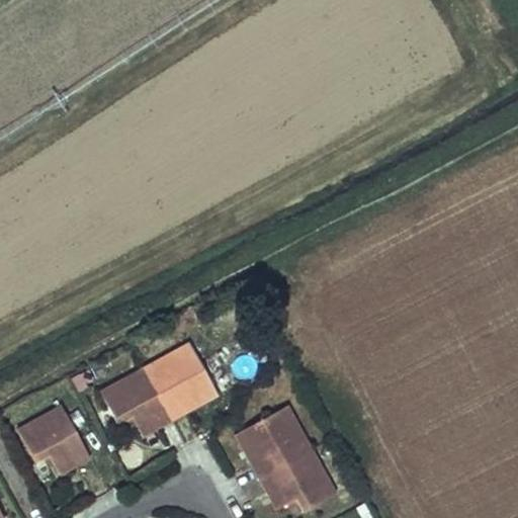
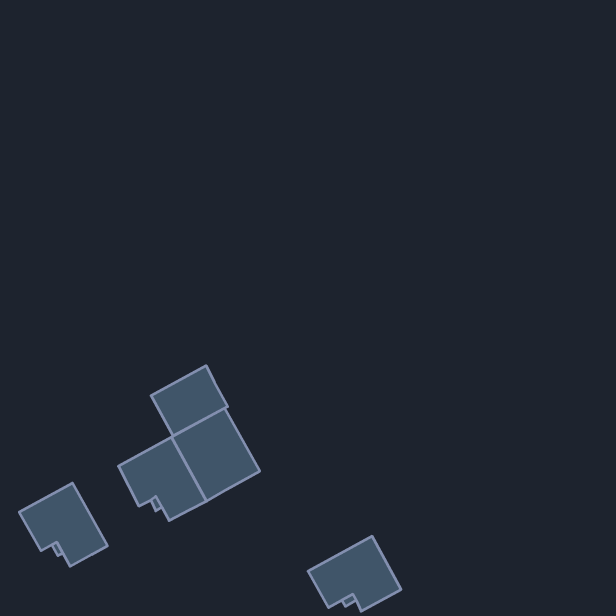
building: none -> [151,366,228,436]
building: [235,404,313,479] -> none

